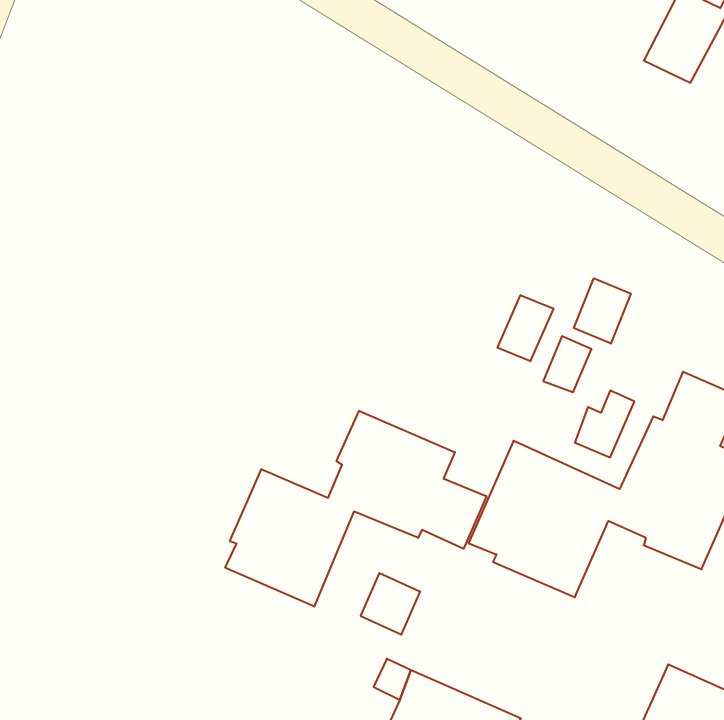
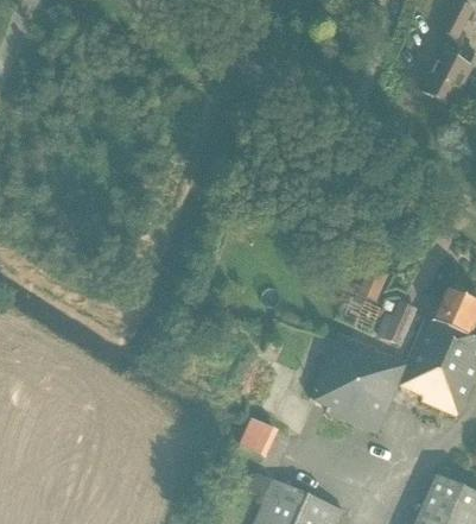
building: [574,278,631,344] -> none
building: [498,295,553,361] -> none
building: [225,411,486,607] -> none

